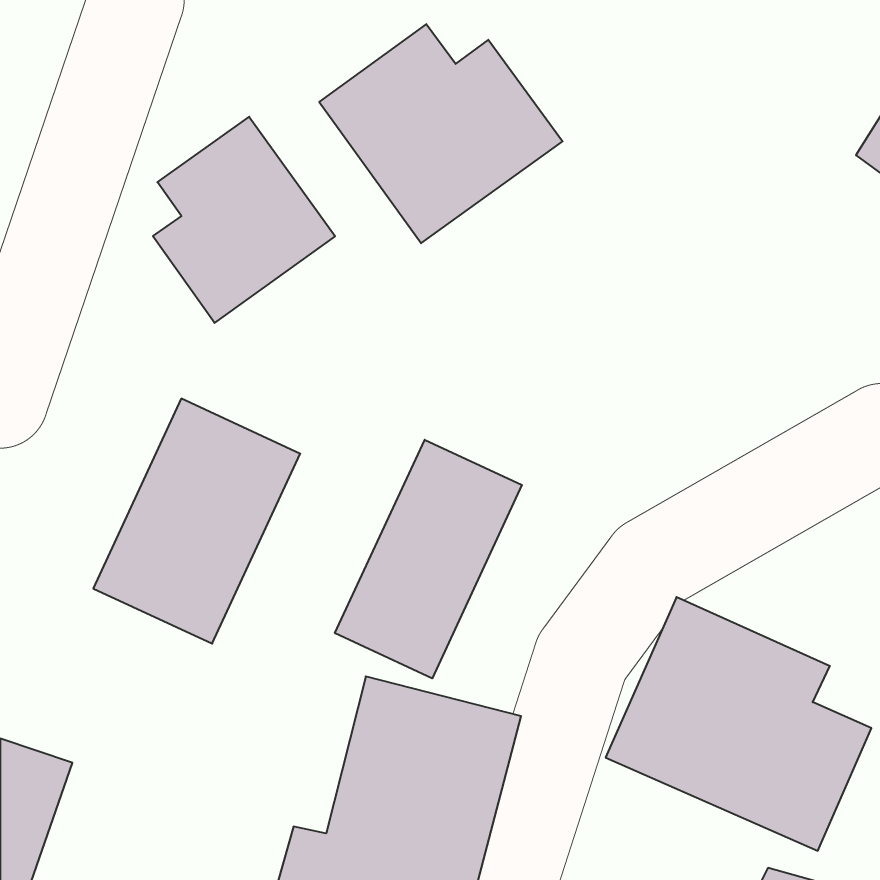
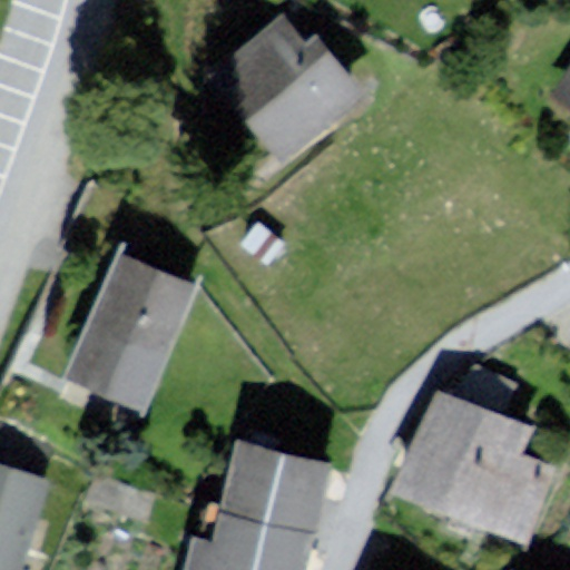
building: [153,117,335,323] -> none
building: [335,440,522,678] -> none

